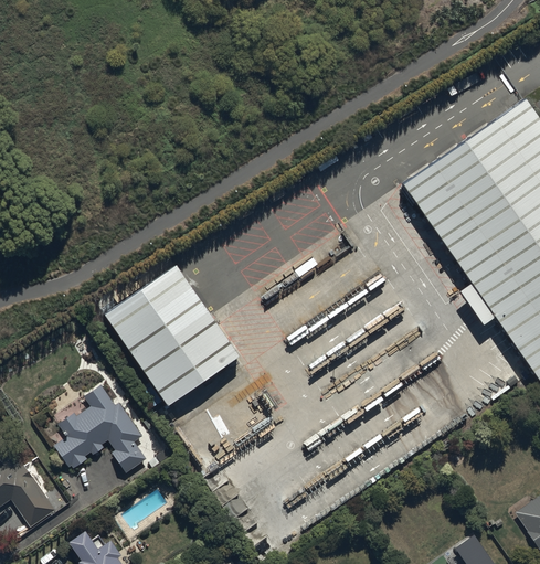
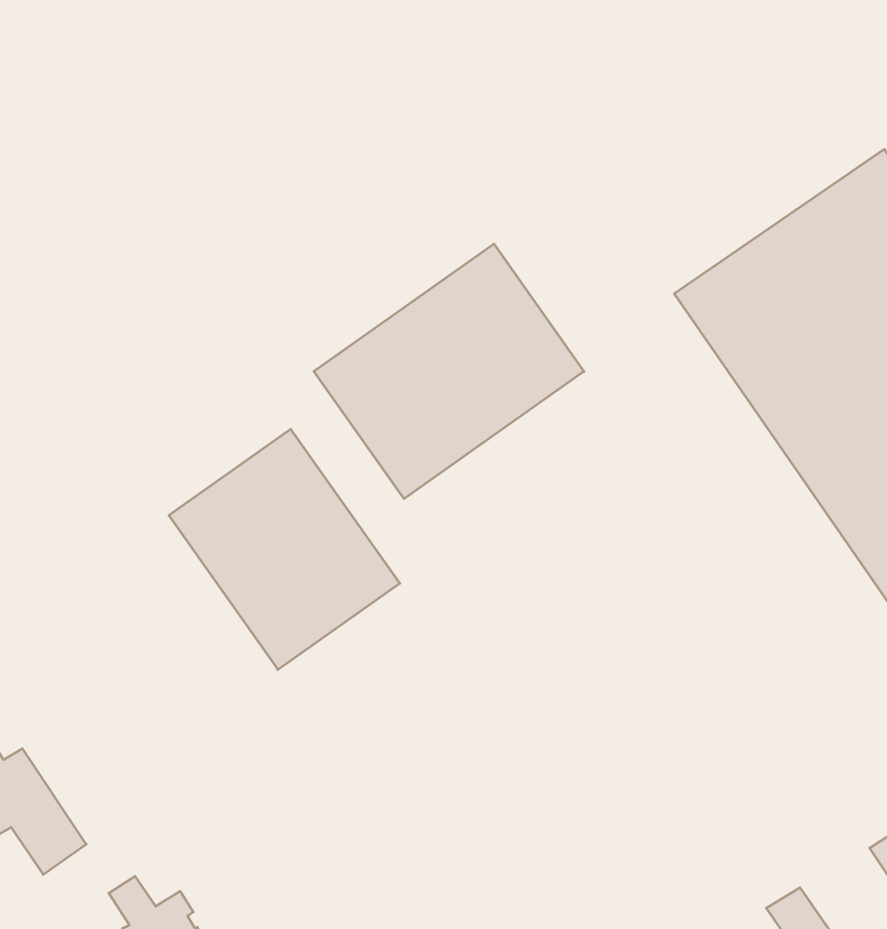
building: none -> [314,244,584,499]
building: [55,384,147,471] -> none

